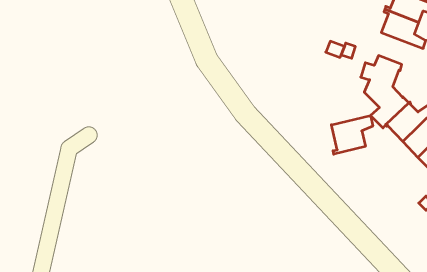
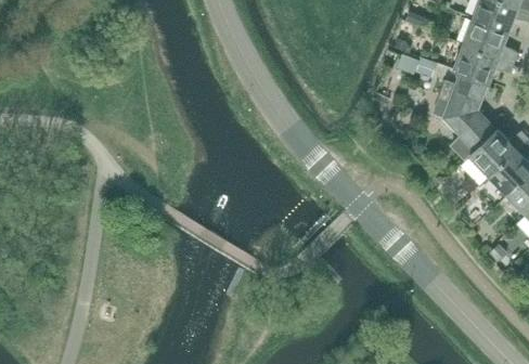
building: none -> [452,45,514,86]
building: [331,116,373,154] -> none

